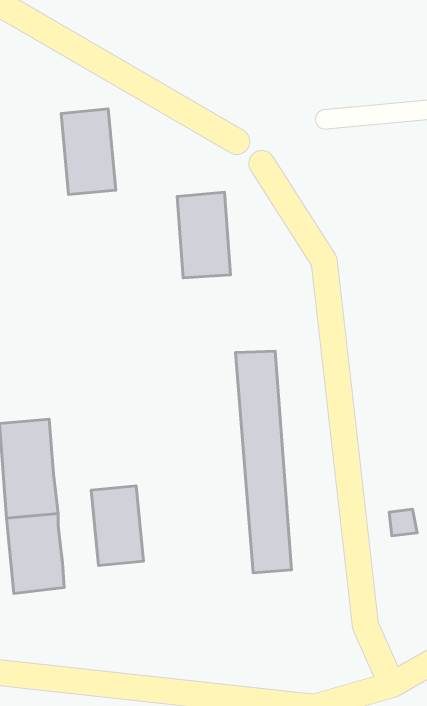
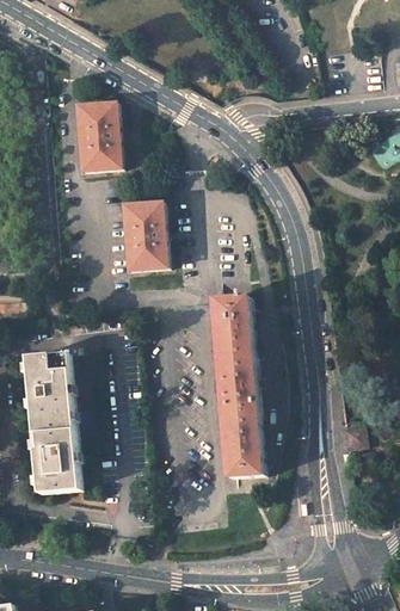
building: [177,192,230,278] -> [122,200,165,270]
building: [91,486,143,565] -> none

